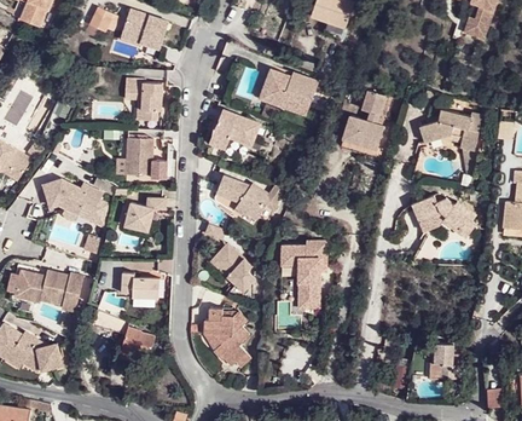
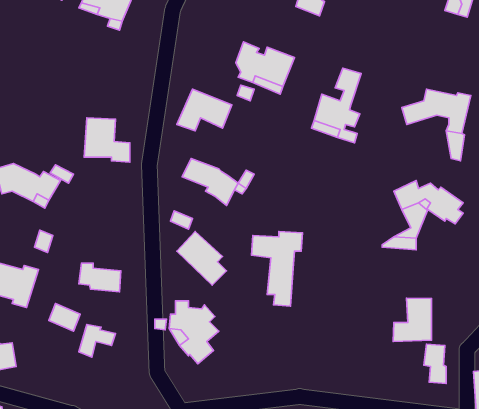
building: [124,76,163,119] -> none
building: [123,196,167,231] -> none
building: none -> [393,298,432,342]

